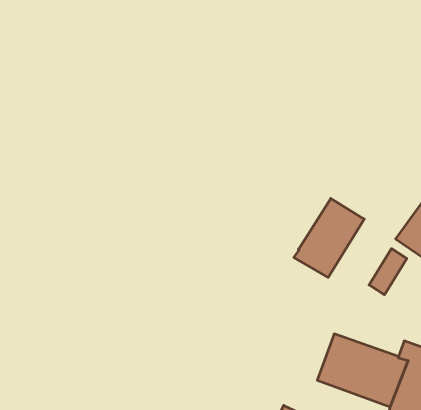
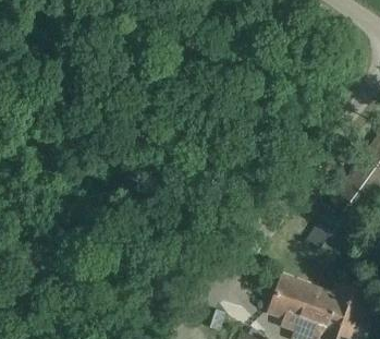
building: [294,198,364,277] -> none

